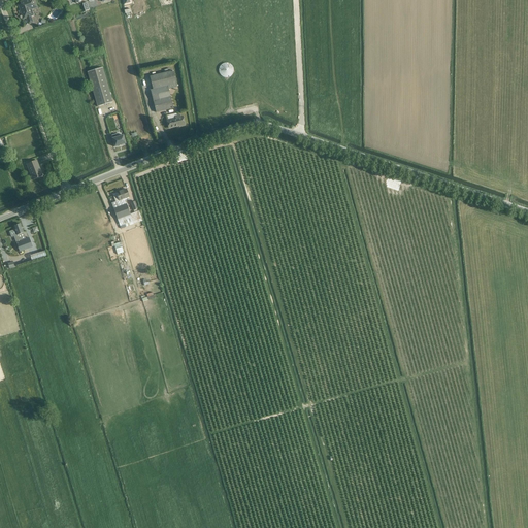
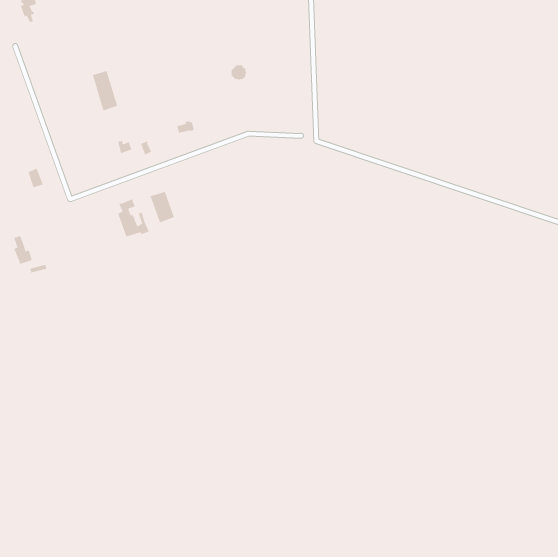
building: [148,69,176,110] -> none
building: none -> [149,191,175,223]

